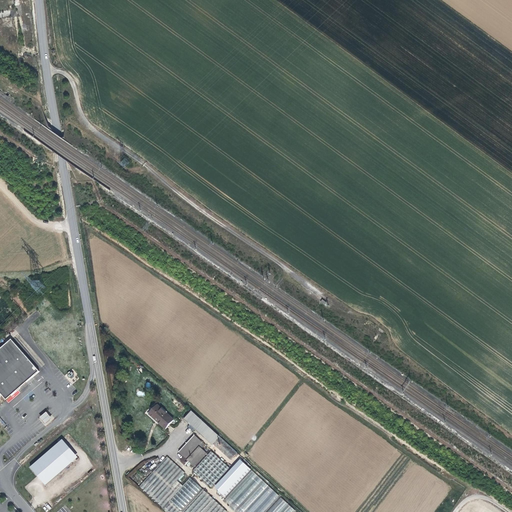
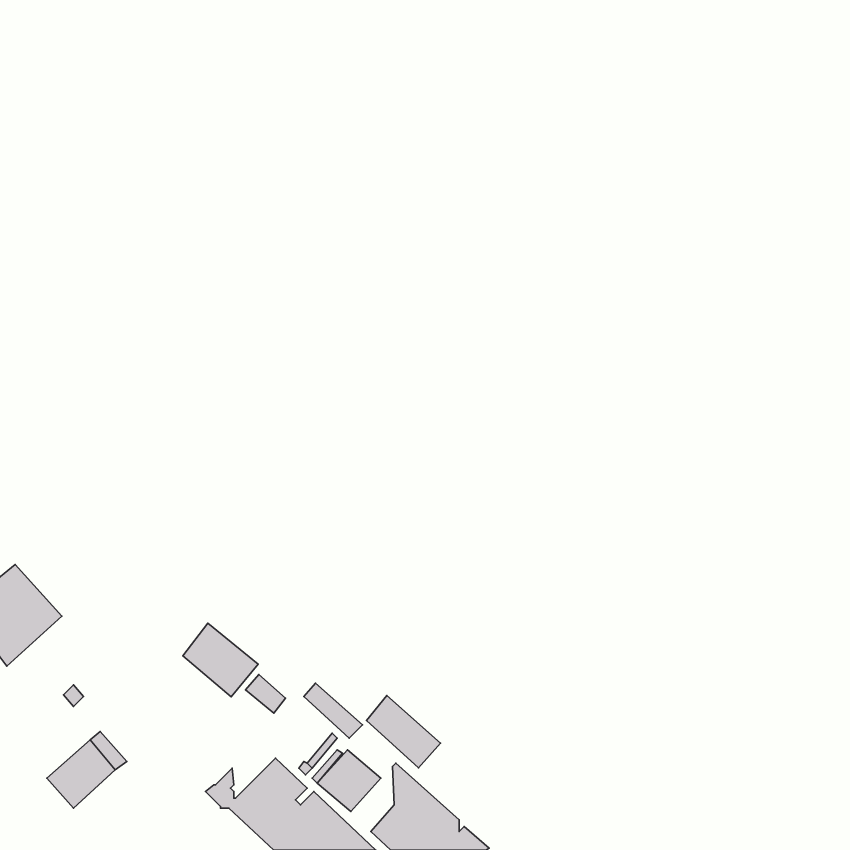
building: none -> [183,623,258,697]
building: none -> [367,695,441,768]

